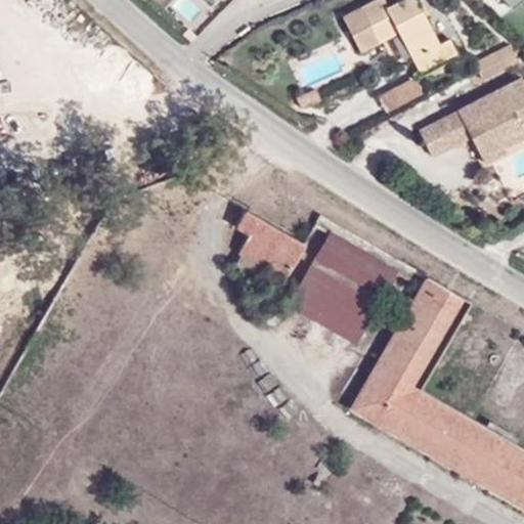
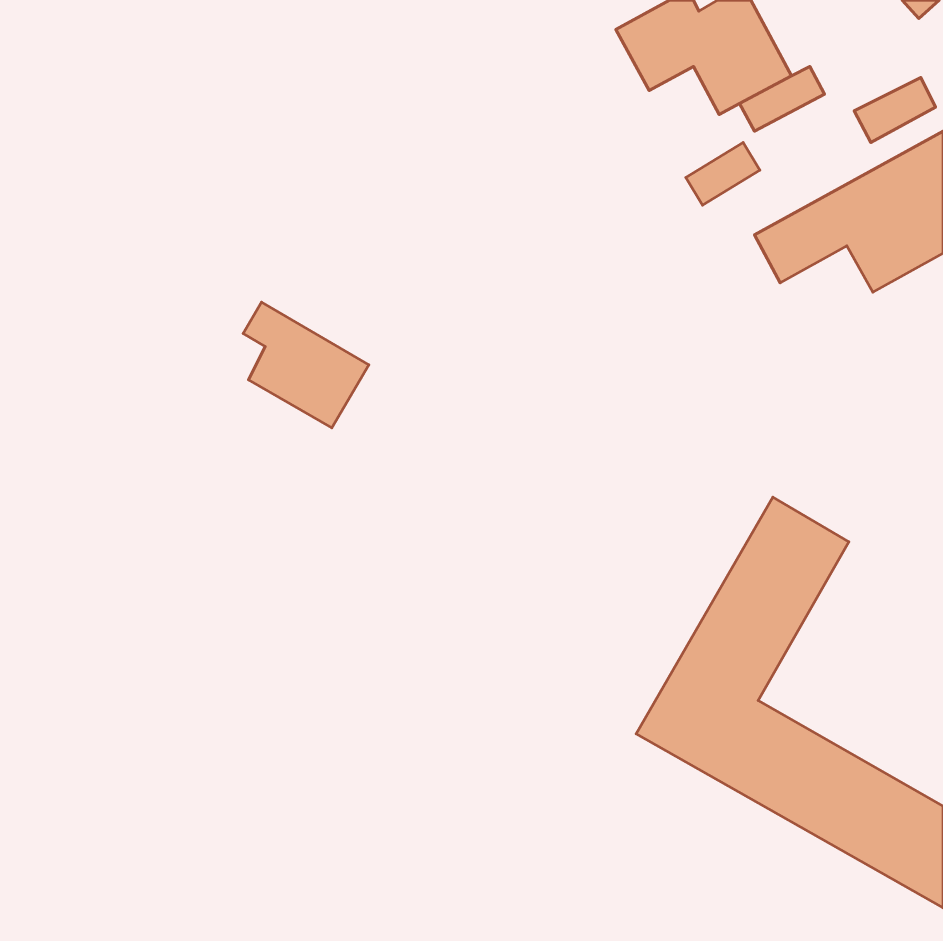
building: [235,210,305,279] -> [243,302,369,428]
building: [315,232,396,297] -> none
building: [286,267,377,349] -> none

